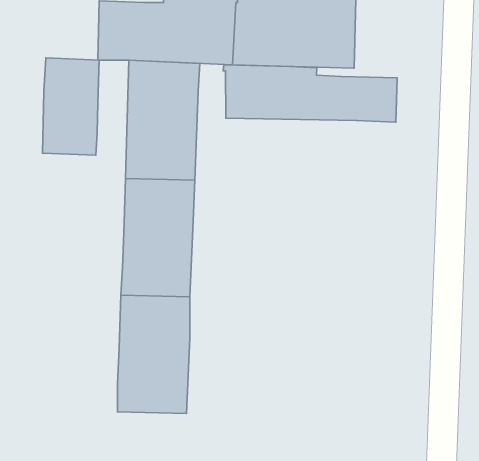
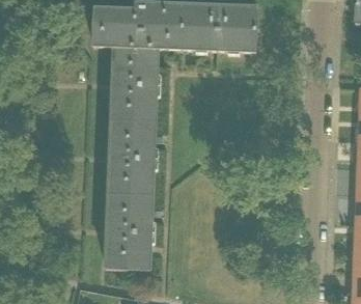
building: [43,58,99,155] -> none
building: [223,65,397,122] -> none

